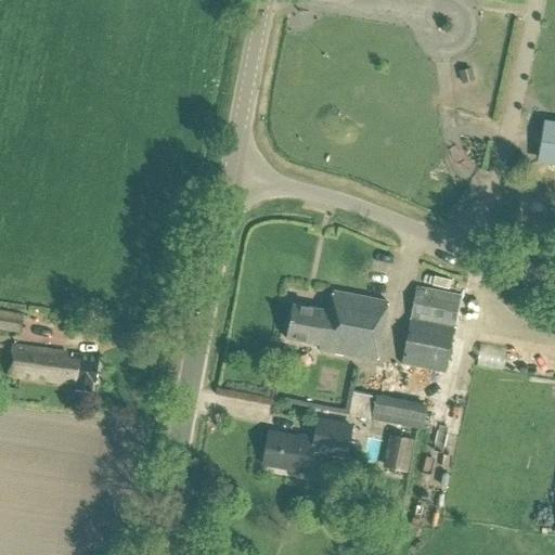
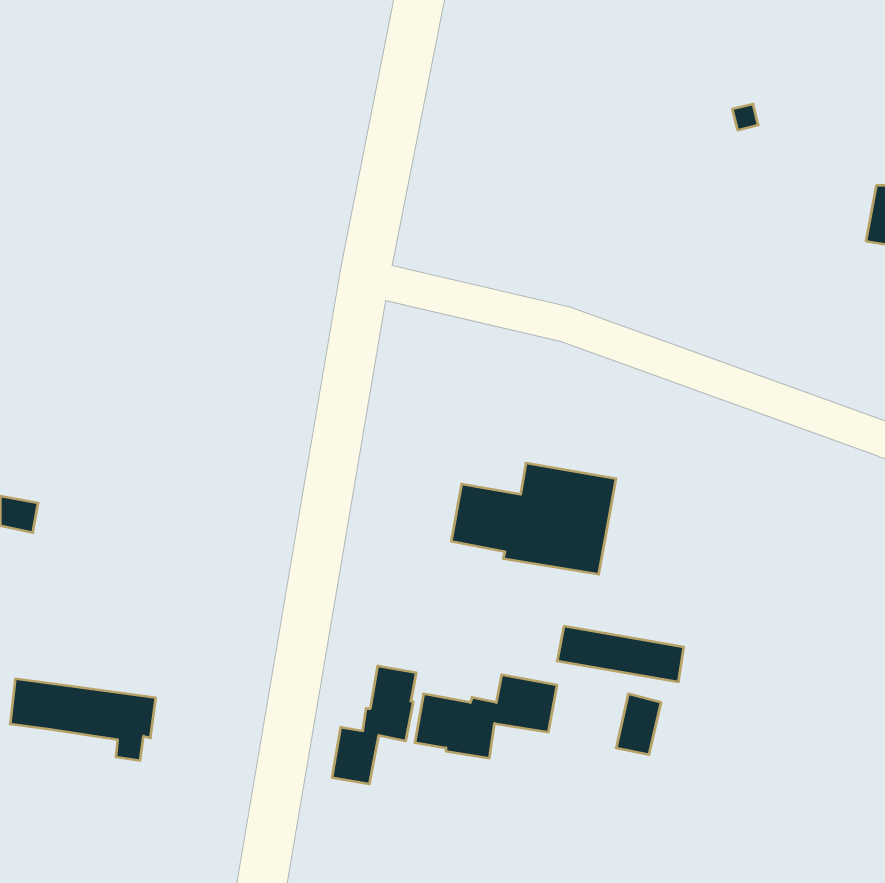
building: [401,285,461,372] -> none
building: [9,344,100,395] -> [10,679,156,760]
building: none -> [332,666,416,784]

